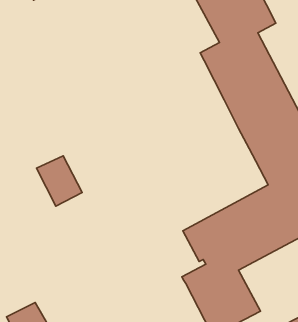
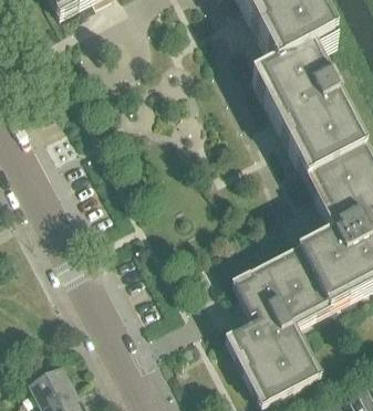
building: [36,156,82,206] -> none

